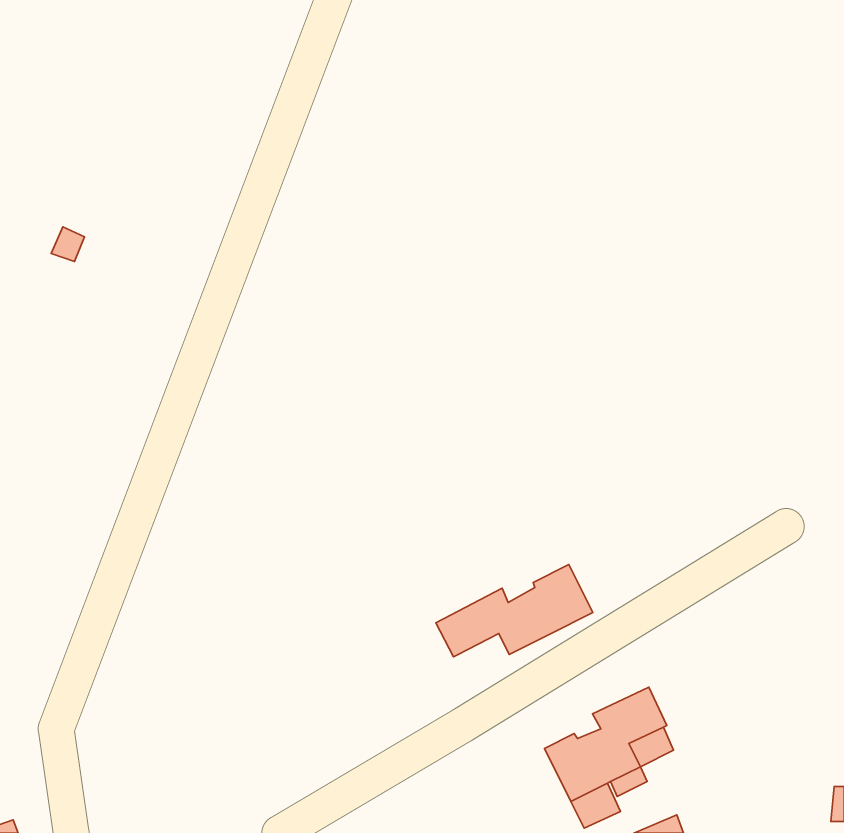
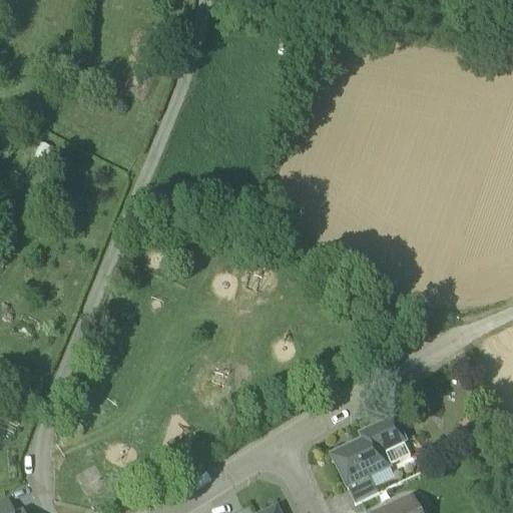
building: [436,564,593,657] -> none

